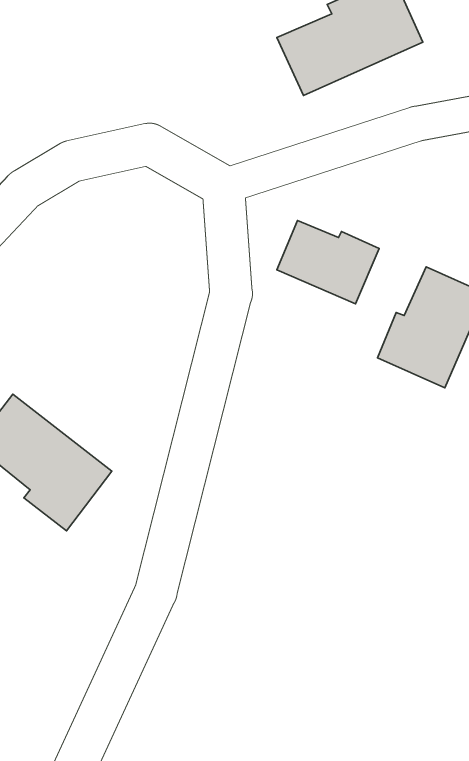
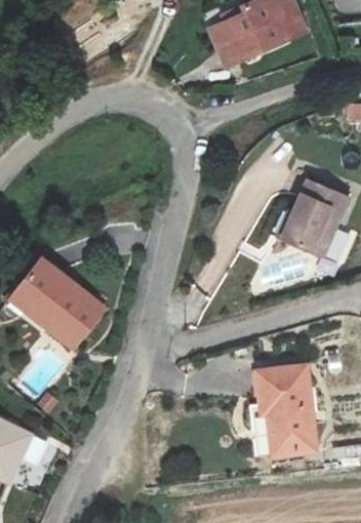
building: [277,220,379,304] -> none
building: none -> [257,367,313,453]

